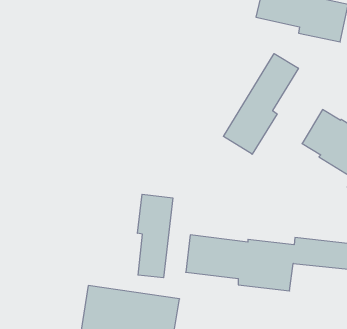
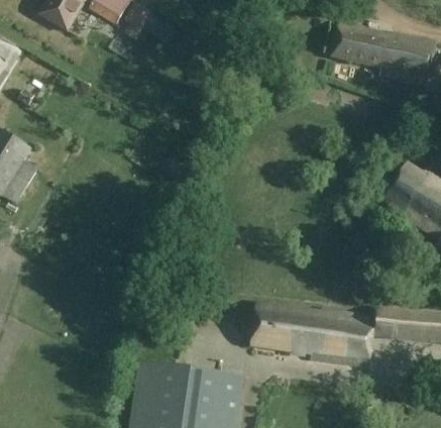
building: [223,54,298,154] -> none
building: [137,194,173,278] -> none

